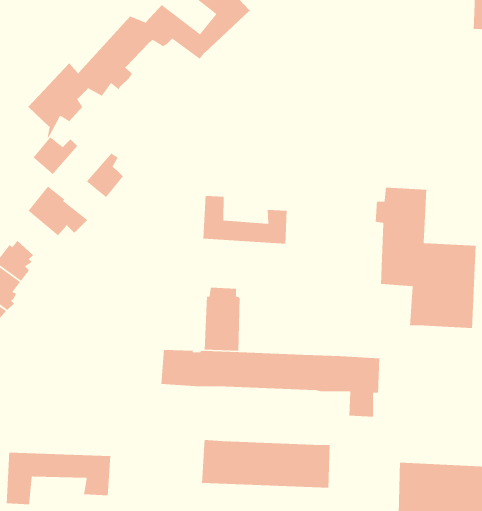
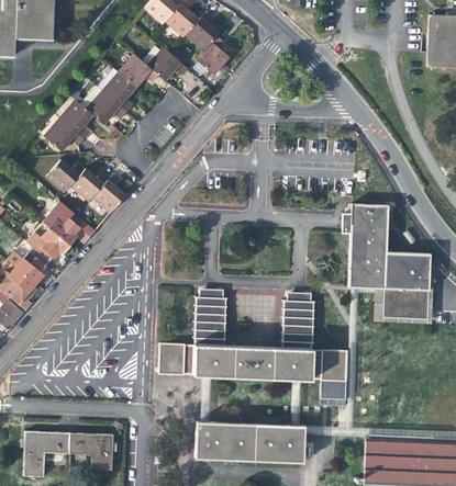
building: none -> [69,167,110,201]
building: [203,195,287,245] -> none
building: none -> [26,223,68,261]
building: none -> [281,293,314,348]

